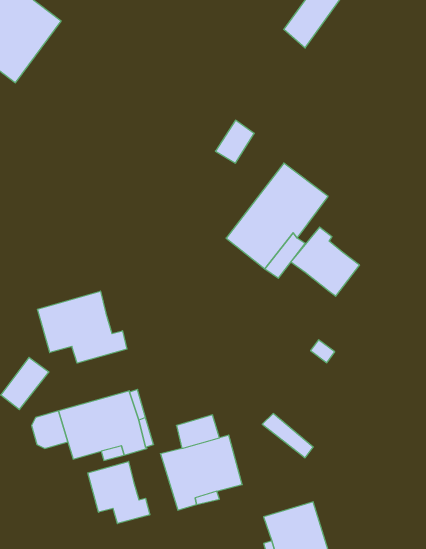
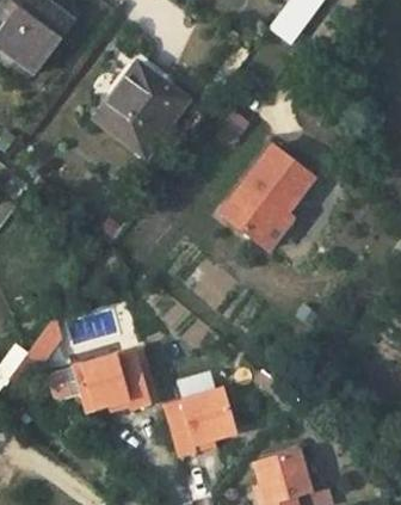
building: none -> [95,63,185,155]
building: [291,227,359,296] -> none
building: [37,291,127,363] -> none
building: [88,461,150,524] -> none

